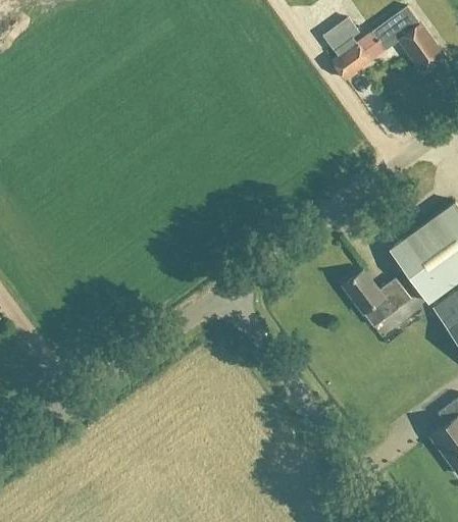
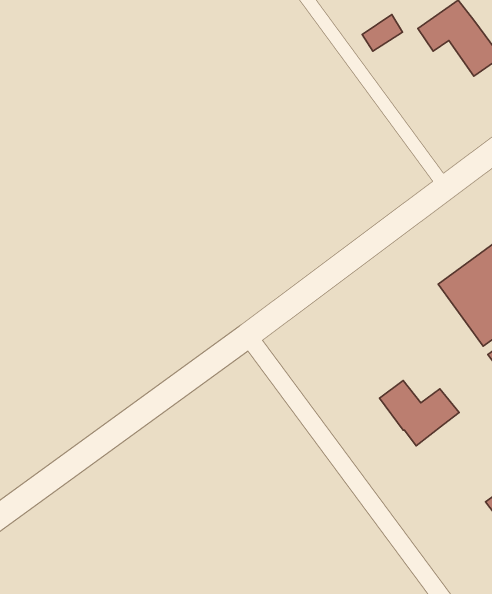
building: [332,45,369,80] -> none
building: [343,271,411,327] -> [379,380,459,446]

